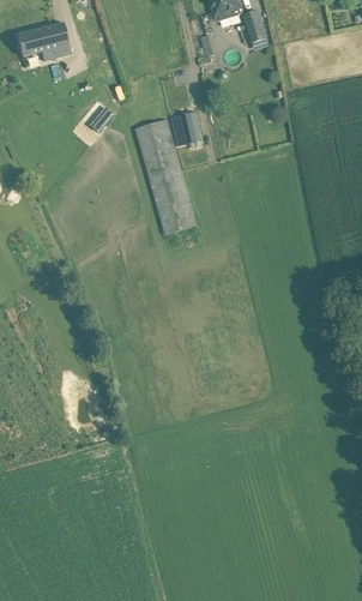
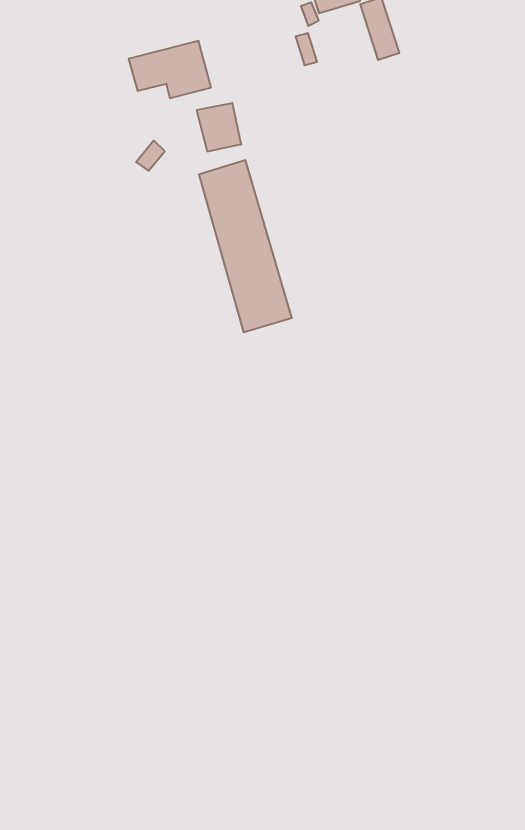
building: [16,22,71,60] -> [129,41,211,98]
building: [170,112,200,144] -> [197,103,241,151]

